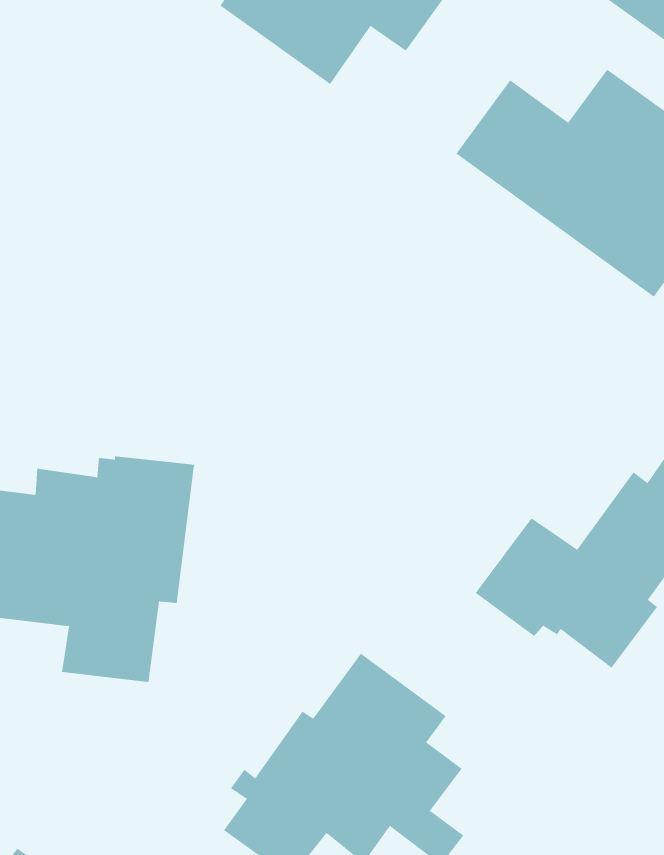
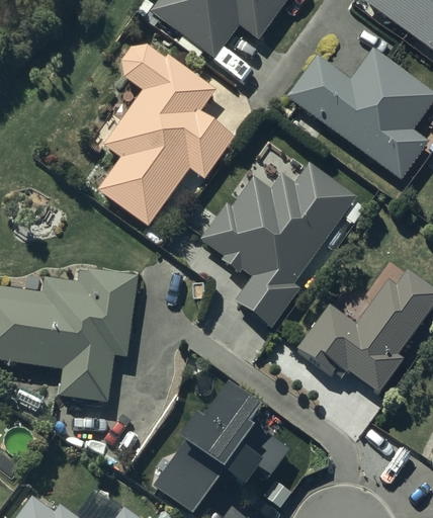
building: none -> [96,44,234,224]
building: none -> [201,163,354,325]

